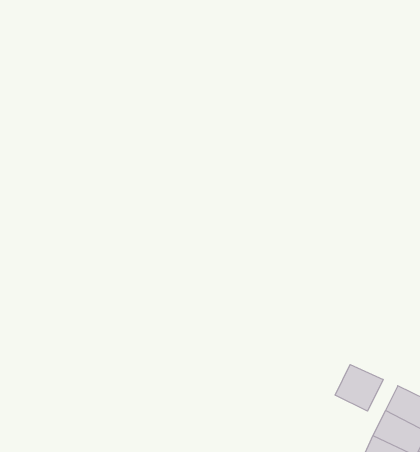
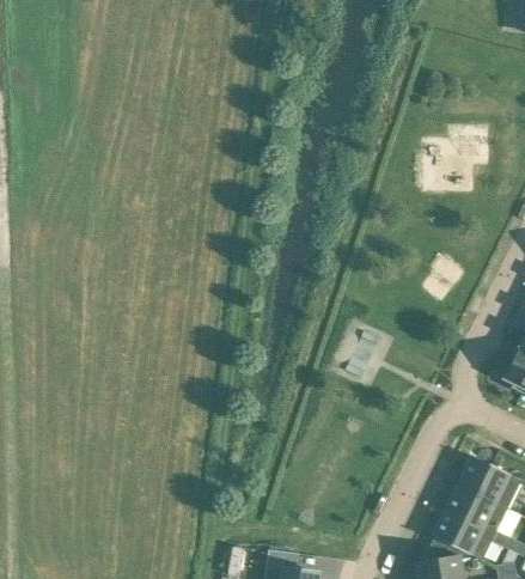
building: [335,365,383,411] -> none

